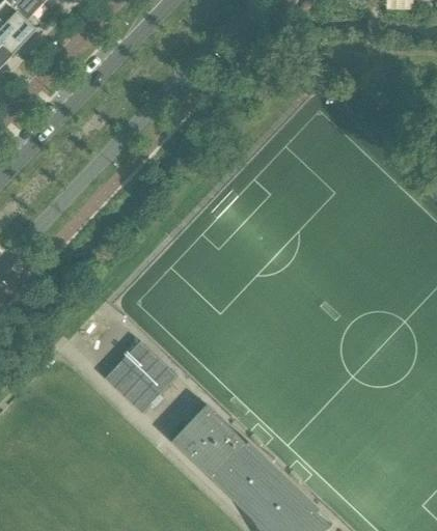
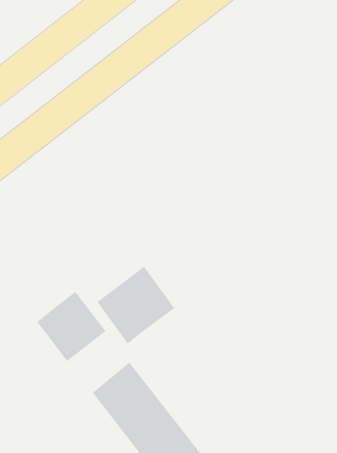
building: none -> [96,266,175,344]

